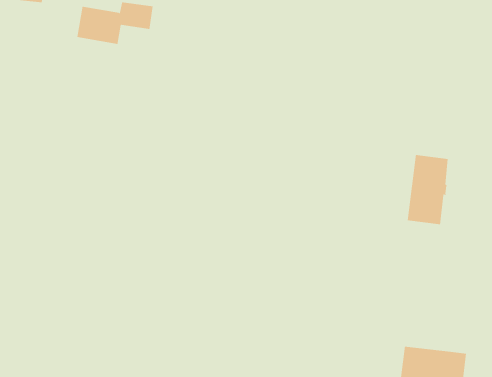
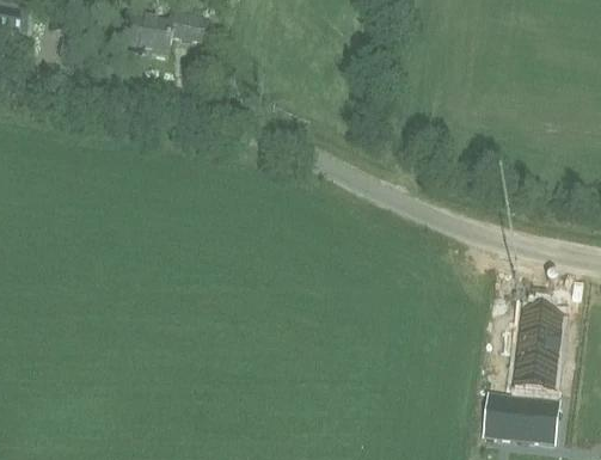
building: [407,155,448,225] -> [508,305,554,384]

